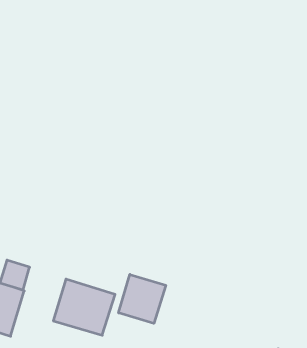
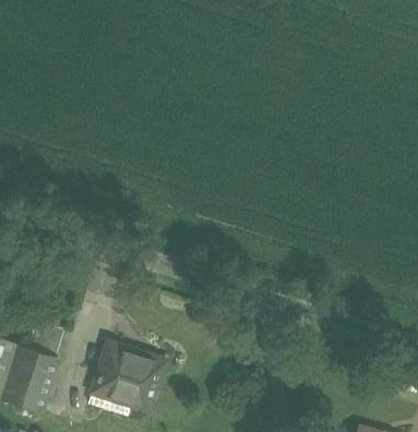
building: [119,274,166,323] -> none

